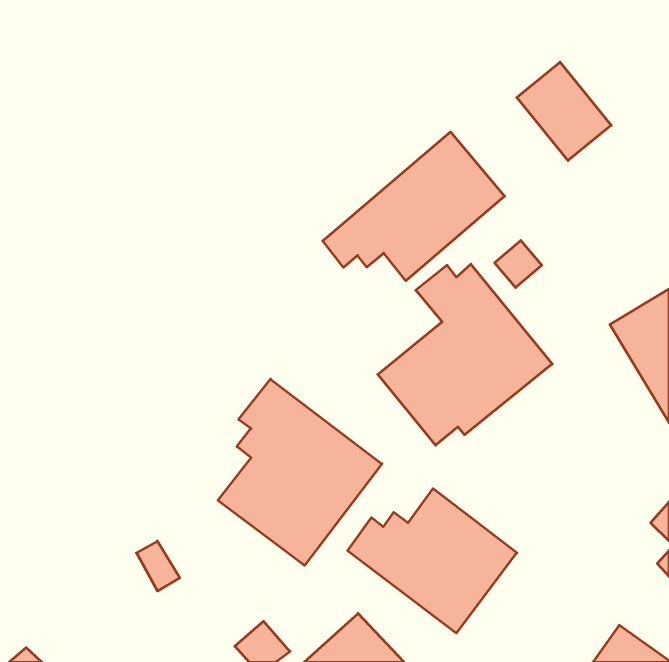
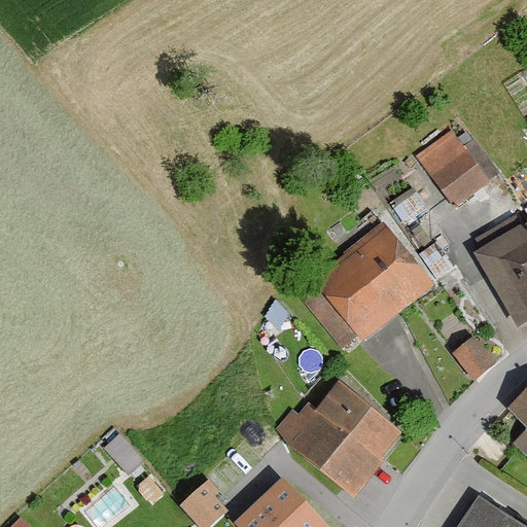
building: [517,62,611,161] -> [417,133,491,210]
building: [323,132,505,281] -> none
building: [218,379,382,565] -> none
building: none -> [452,338,495,381]

